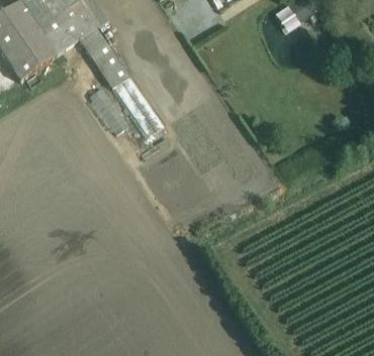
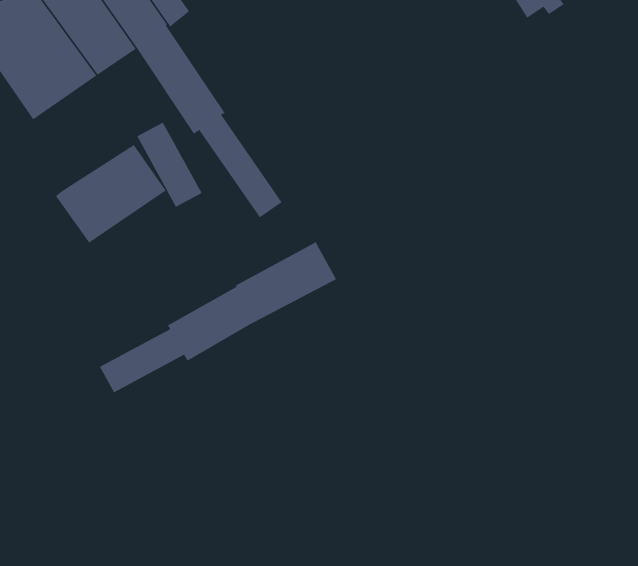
building: none -> [55,144,166,244]
building: none -> [99,241,337,393]

